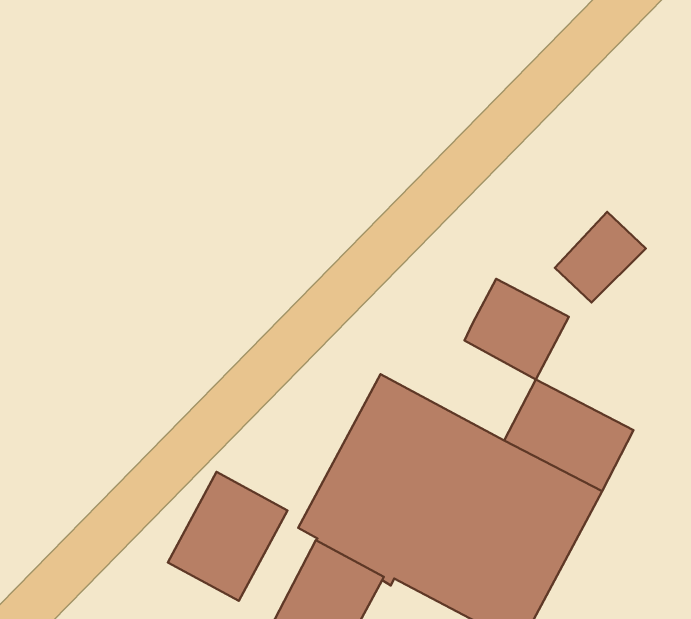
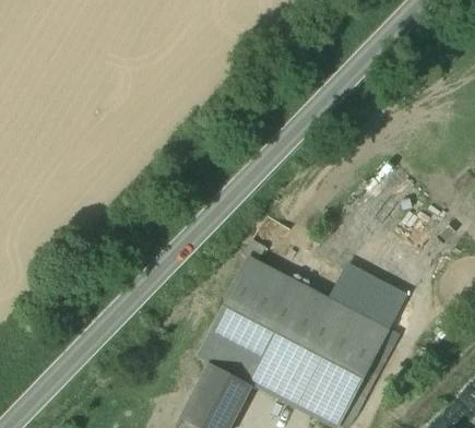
building: [465,279,569,379] -> none
building: [168,472,288,601] -> none

